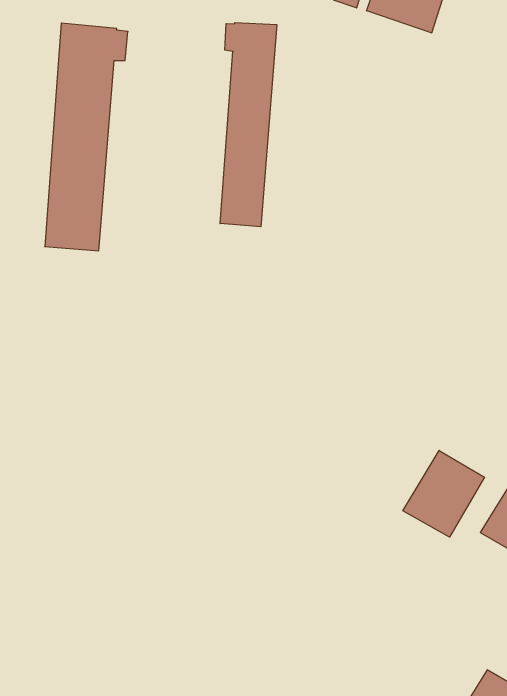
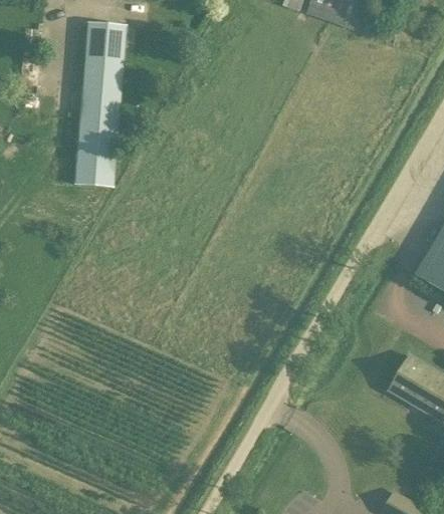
building: [220,23,277,227] -> none
building: [403,450,485,537] -> none

